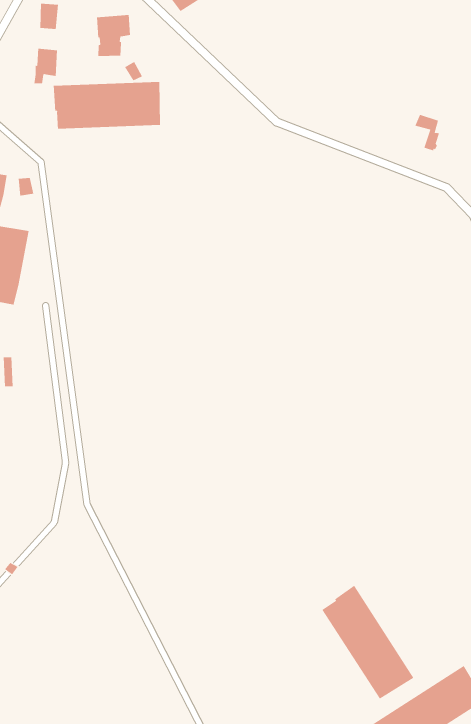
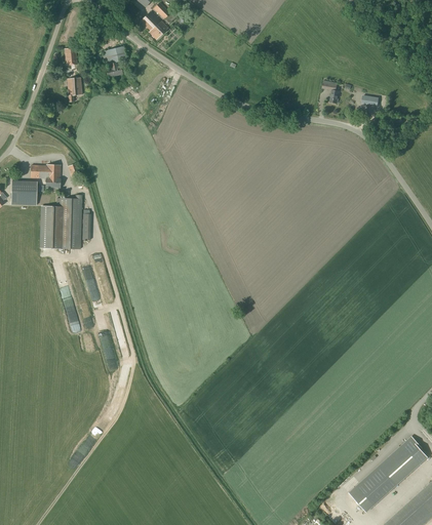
building: [53,81,160,129] -> none
building: [322,585,414,699] -> none

